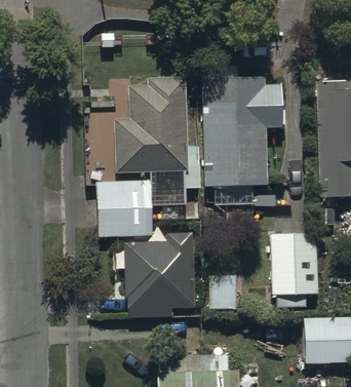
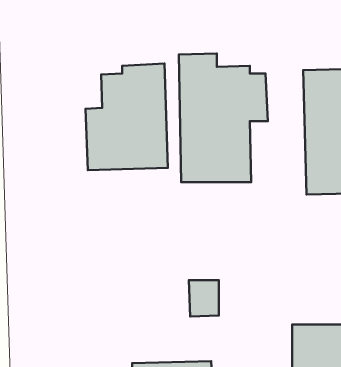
building: [98,180,154,237] -> none
building: [124,233,194,315] -> none
building: [271,233,318,297] -> none

